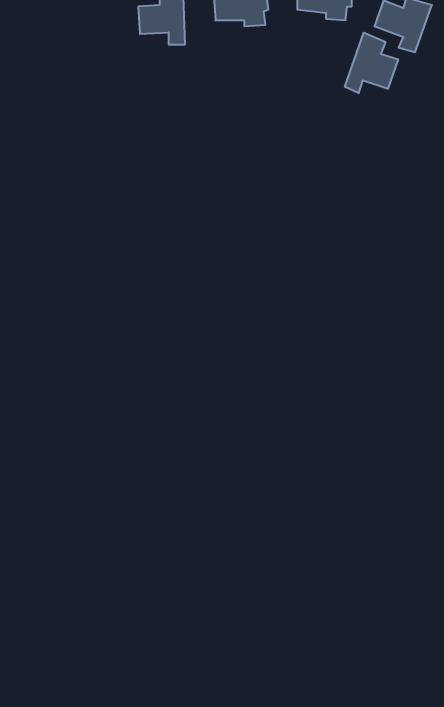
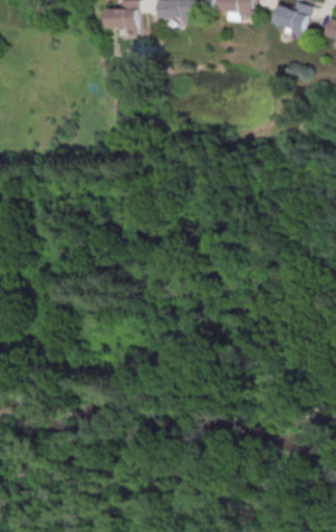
building: [345,33,398,93] -> none

